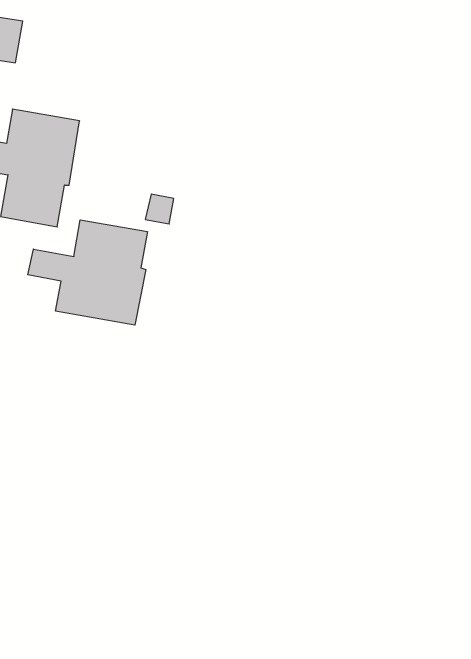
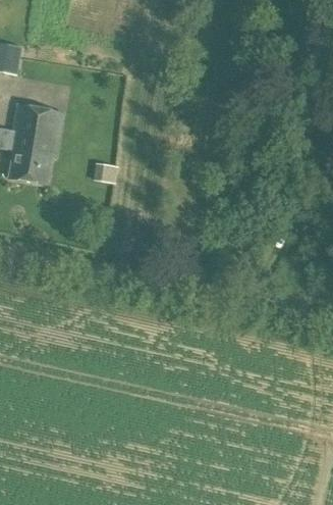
building: [28,220,147,325] -> none

